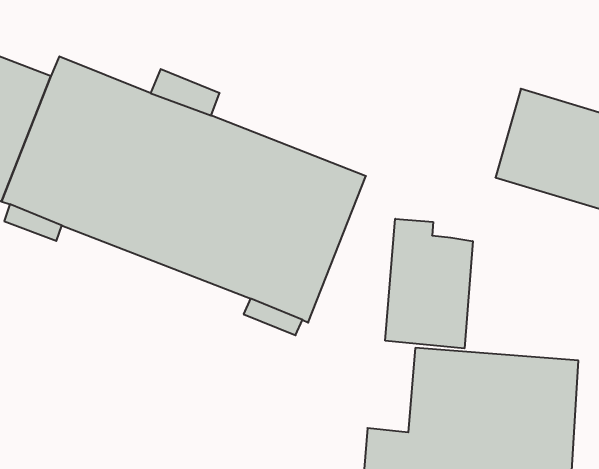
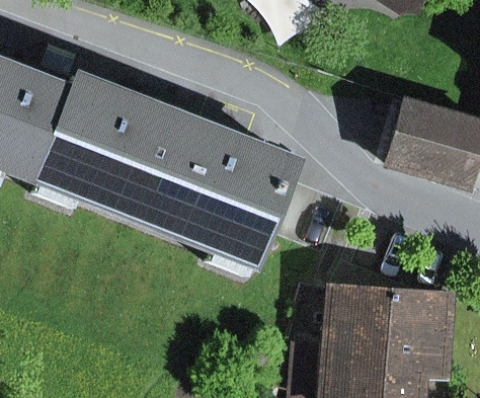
building: [385,219,473,348] -> none

